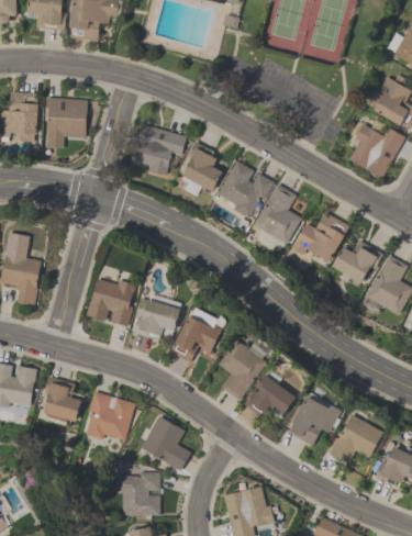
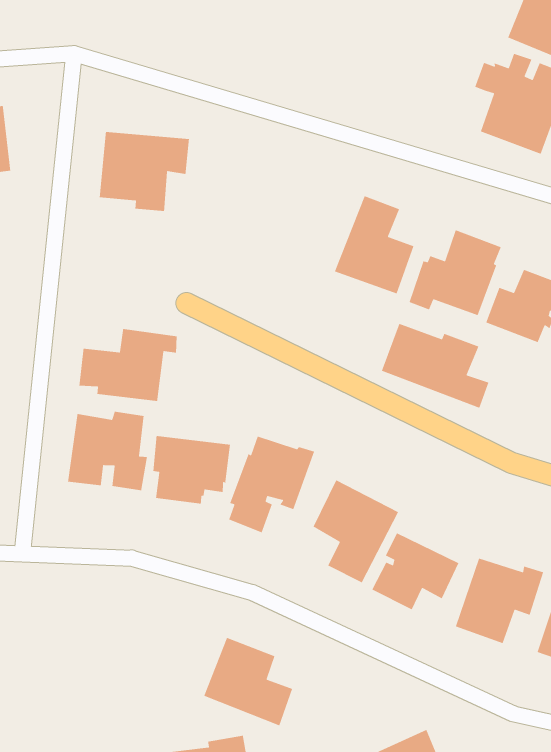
building: [182,141,223,191] -> none
building: [218,159,274,217] -> none
building: none -> [78,328,178,402]
building: none -> [381,323,490,409]
building: [43,376,81,421] -> none
building: [85,390,134,439] -> none

